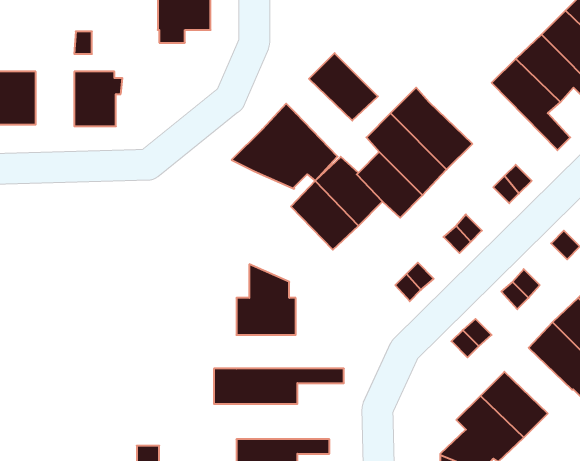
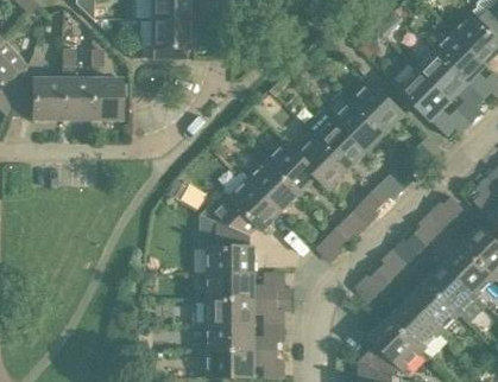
building: none -> [61,47,89,119]
building: [309,53,378,121] -> [352,82,403,132]
building: [232,104,338,189] -> [202,171,280,234]
building: none -> [209,273,289,298]
building: none -> [408,282,458,331]
building: none -> [209,324,278,350]

